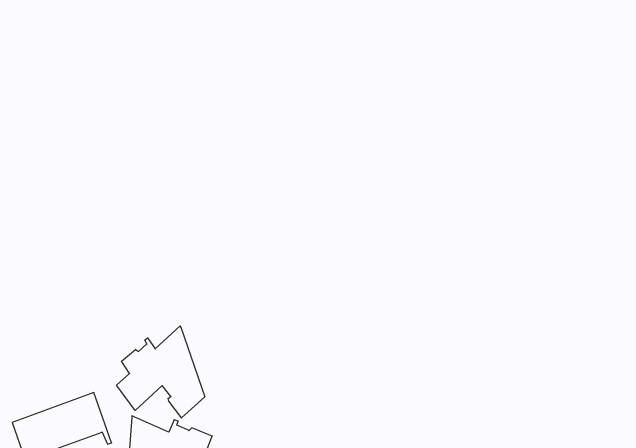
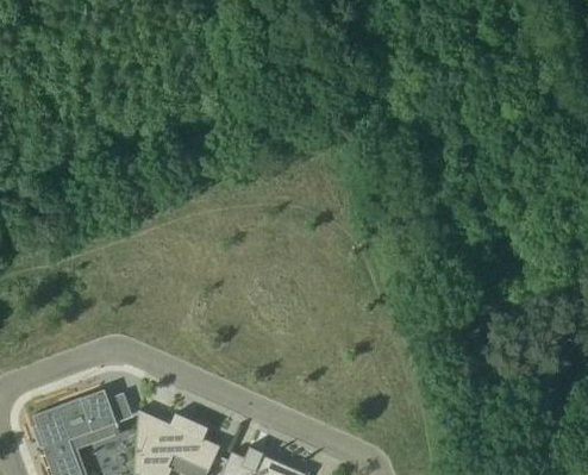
building: [117,326,205,418] -> none

